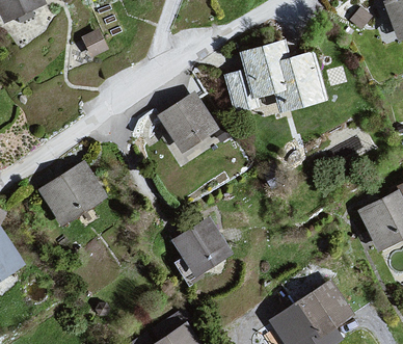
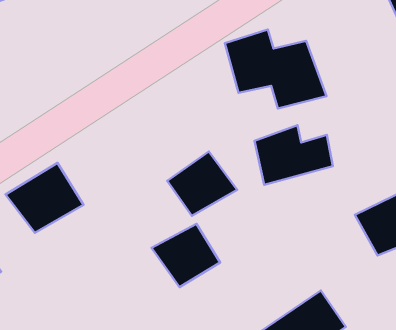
building: [158,92,222,152] -> [167,151,237,216]
building: none -> [255,125,333,185]

